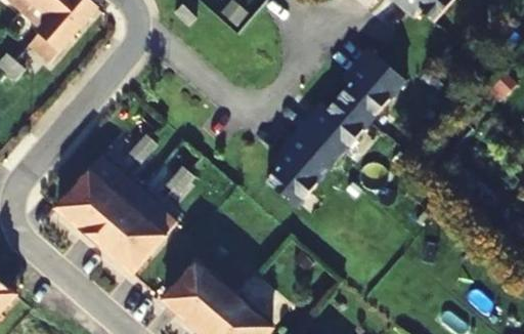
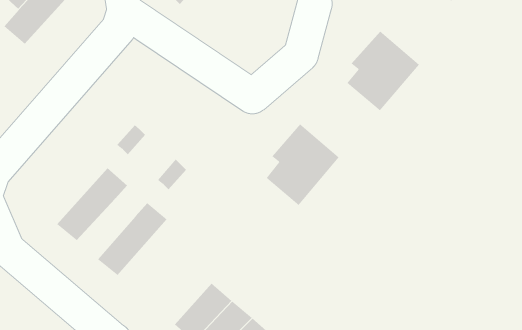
building: [296,97,368,165] -> none
building: [56,157,122,225] -> none
building: [94,191,158,257] -> none
building: [163,262,216,317] -> none

